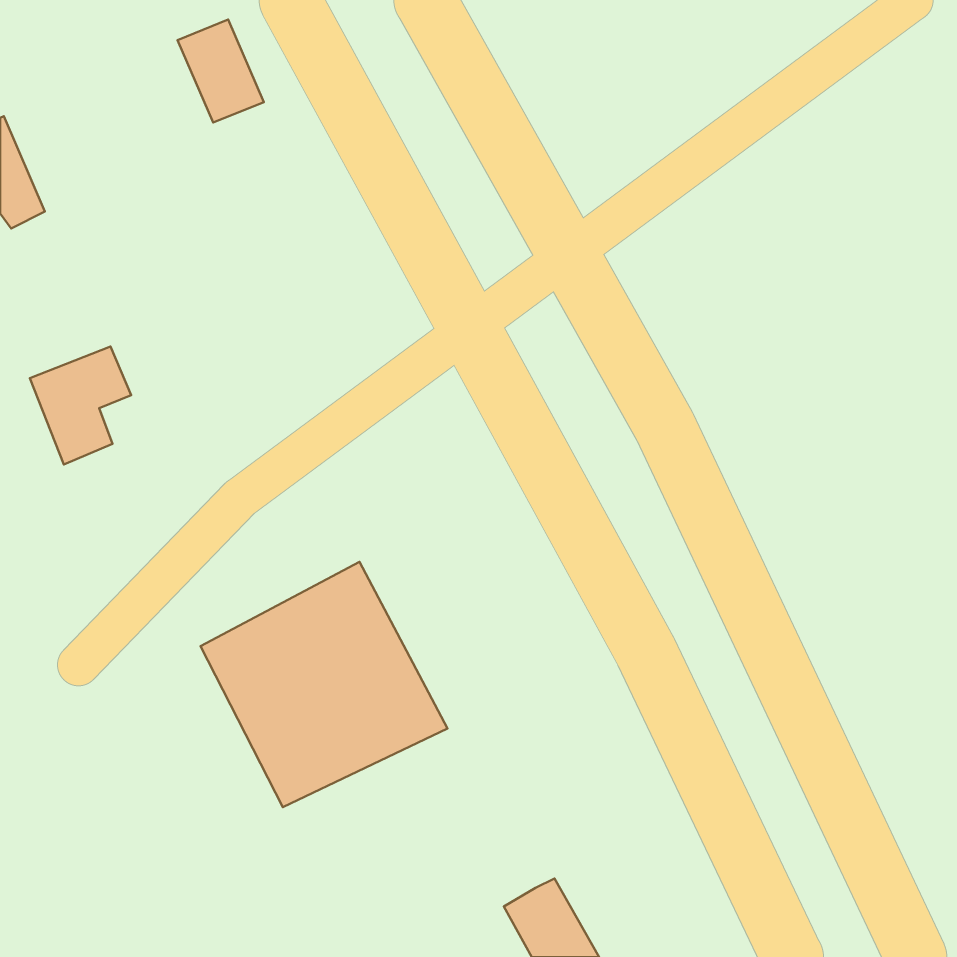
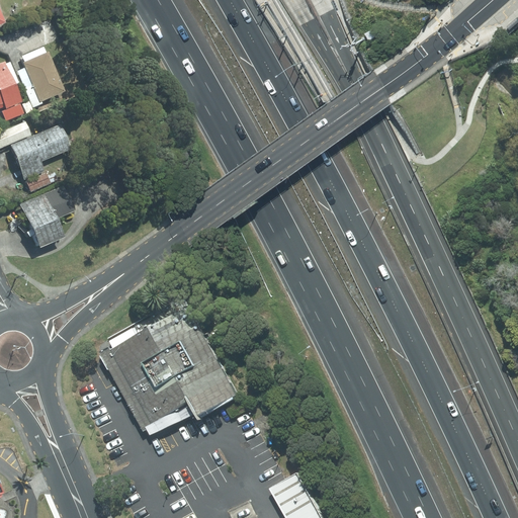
building: [178,20,264,123] -> [15,49,62,104]
building: none -> [7,126,67,181]

